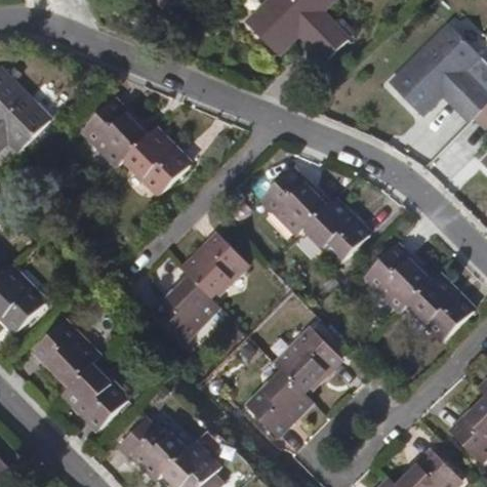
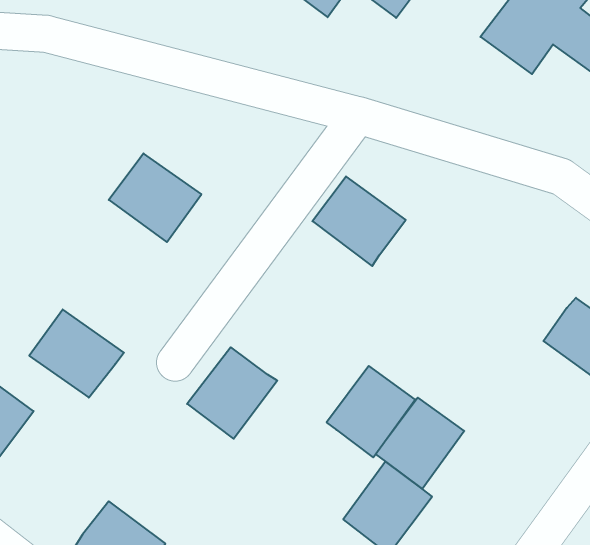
building: [76,103,140,167] -> none
building: [299,197,363,259] -> none
building: [181,233,245,296] -> [327,366,415,457]
building: [361,244,423,308] -> none
building: [30,325,95,389] -> [29,309,124,398]

